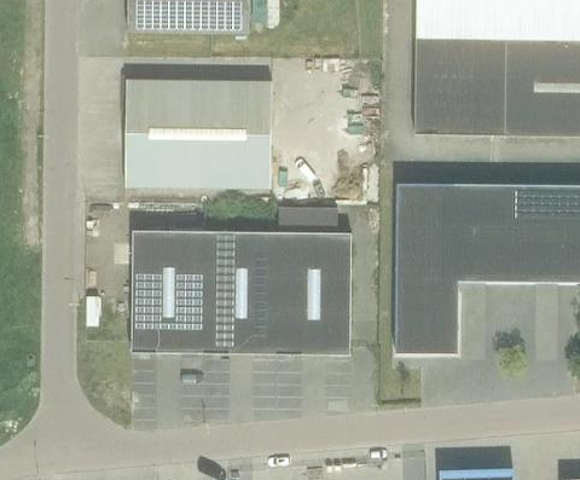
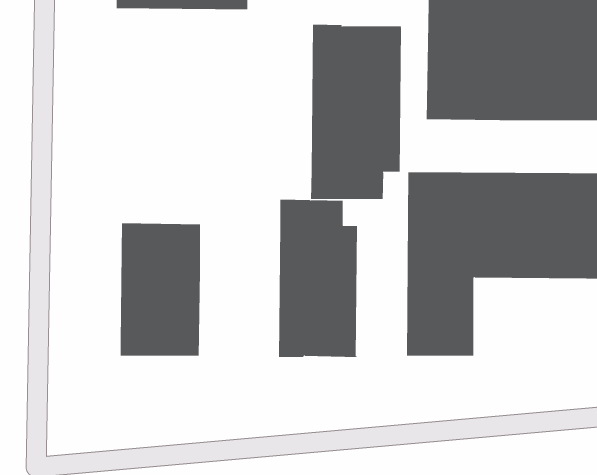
building: none -> [310,24,403,200]
building: [126,80,272,189] -> none
building: [205,231,279,354] -> none

